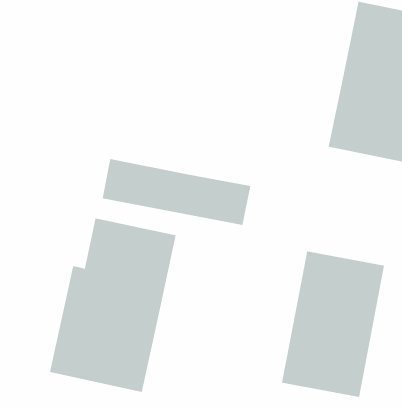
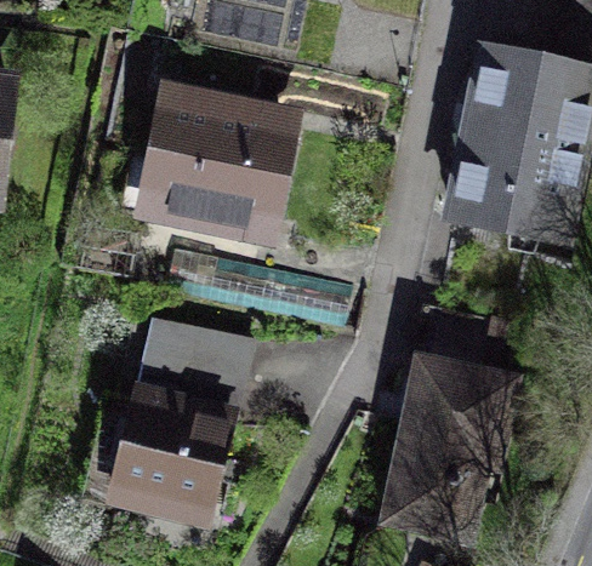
building: none -> [133,80,302,244]

